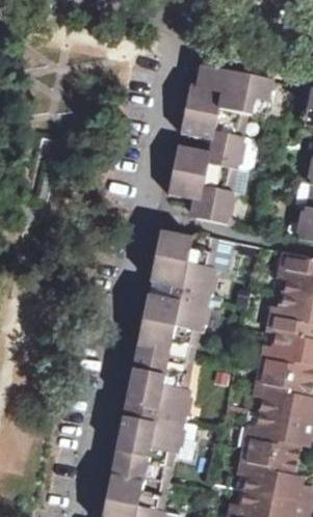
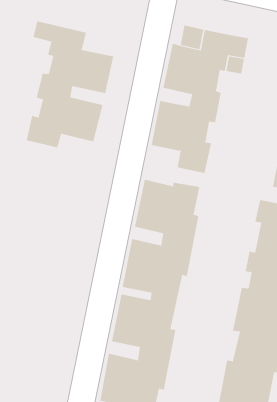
building: none -> [26,20,114,148]

